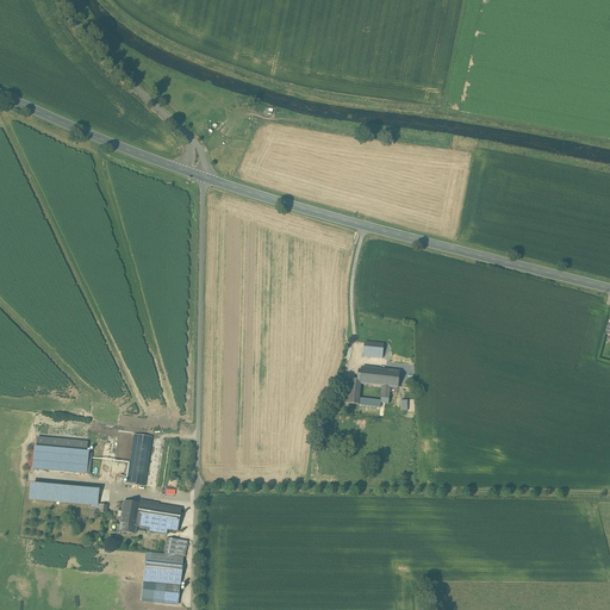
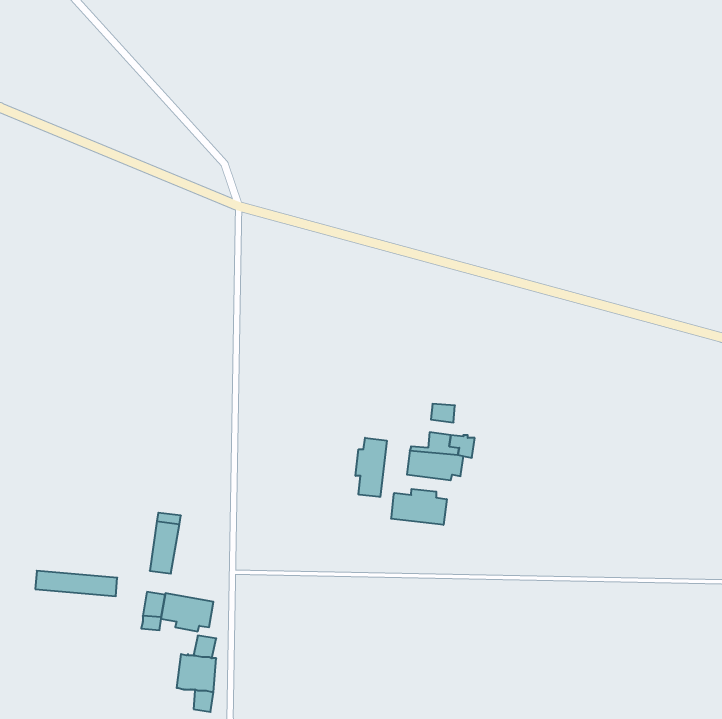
building: none -> [356,438,387,497]
building: none -> [391,489,447,525]
building: [32,437,92,472] -> none

